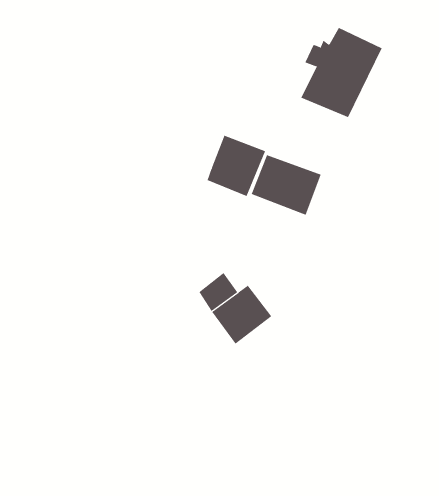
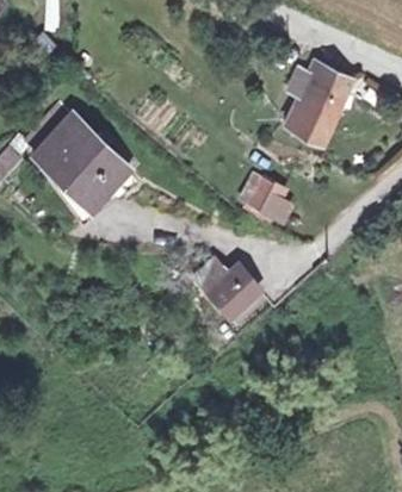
building: none -> [41,112,128,203]
building: [207,135,266,197] -> none

